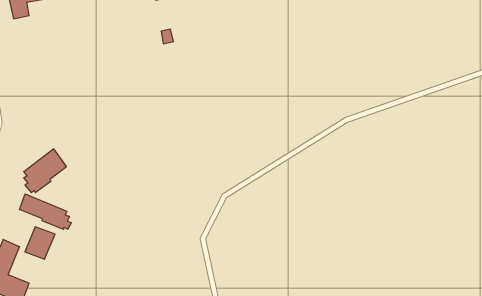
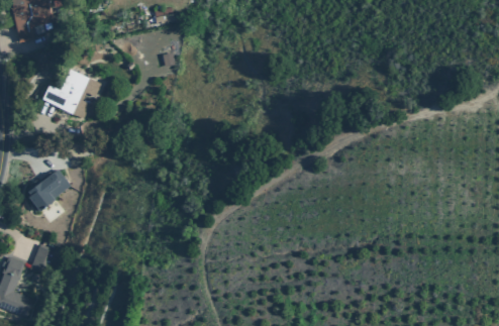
building: none -> [42,70,102,118]
building: [20,194,71,229] -> none

